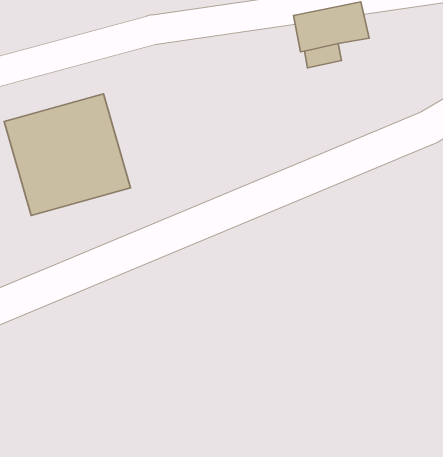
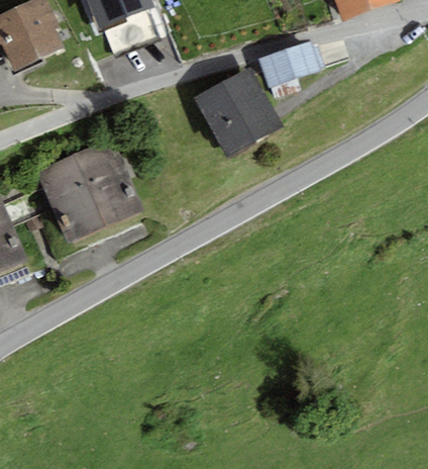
building: none -> [192,66,283,159]

